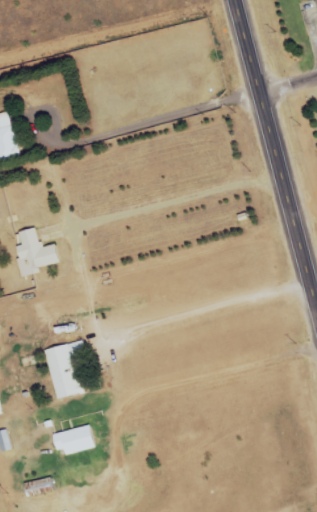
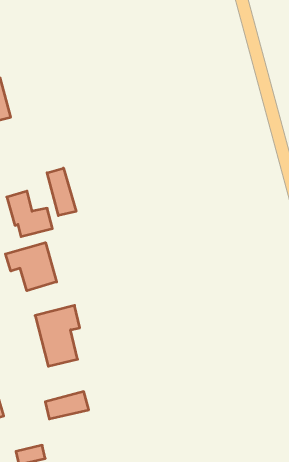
building: none -> [47,168,76,216]
building: none -> [5,243,57,291]

